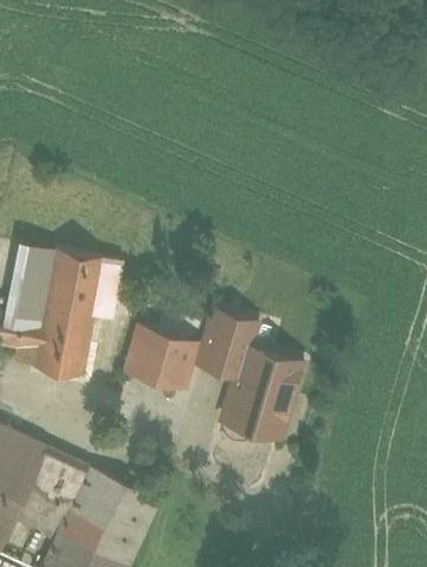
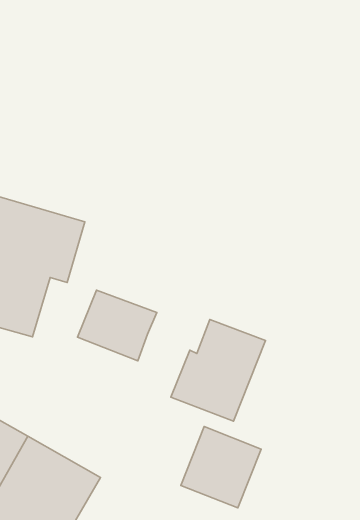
building: [193,309,257,379] -> none
building: none -> [181,427,261,508]

